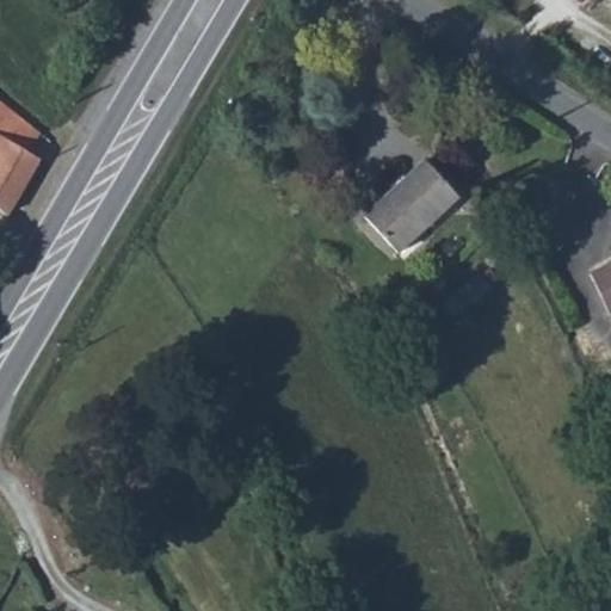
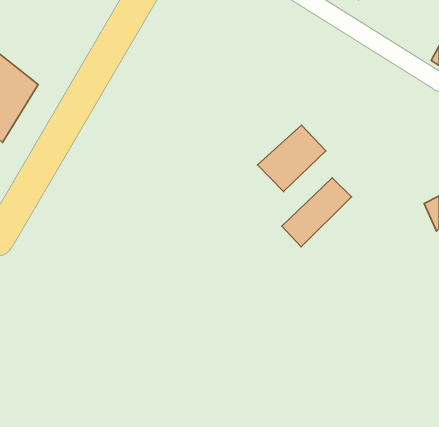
building: none -> [282,178,351,247]

